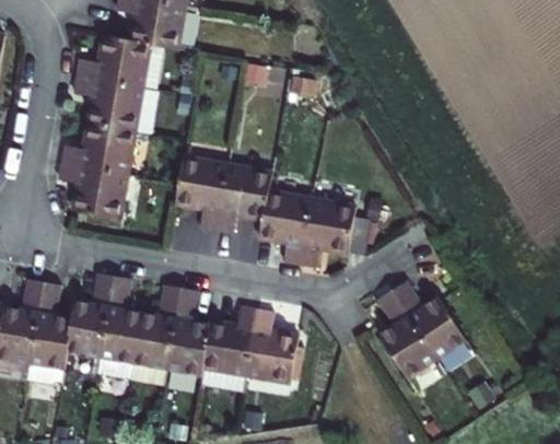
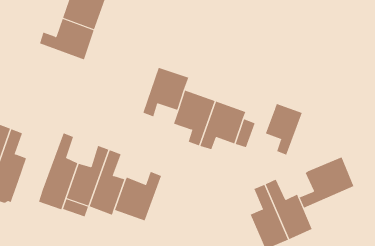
building: [175,159,228,231] -> none
building: [60,162,127,219] -> none
building: none -> [265,103,302,156]
building: none -> [299,156,354,208]
building: [67,272,115,358] -> none
building: [245,311,298,383] -> none

